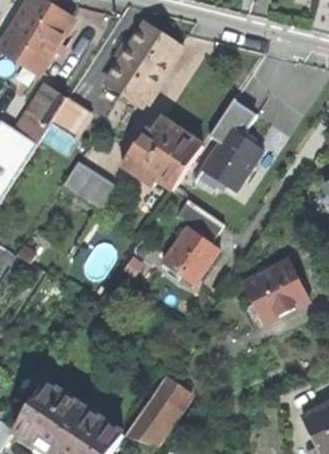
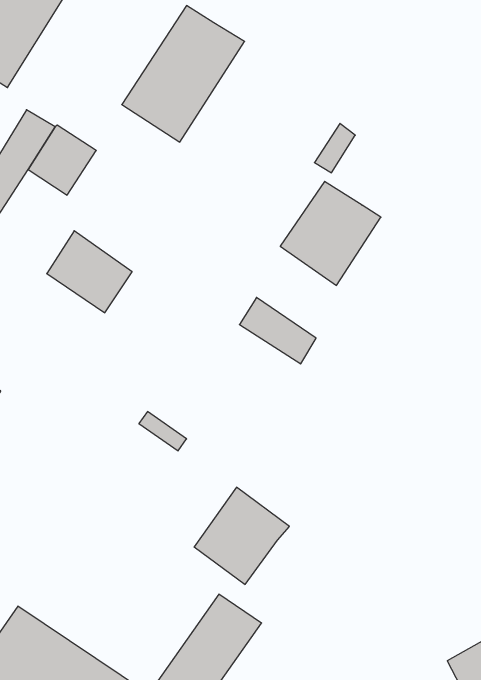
building: [121,118,203,190] -> none
building: [162,225,219,284] -> [194,487,289,584]
building: [243,260,309,323] -> none

